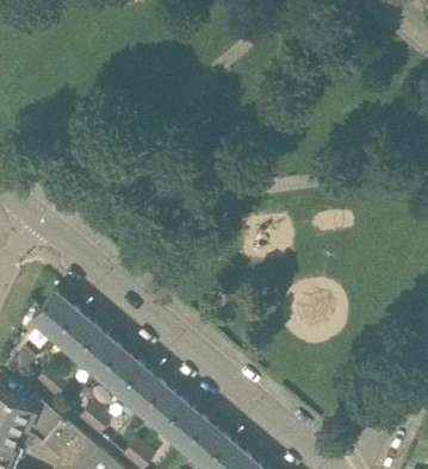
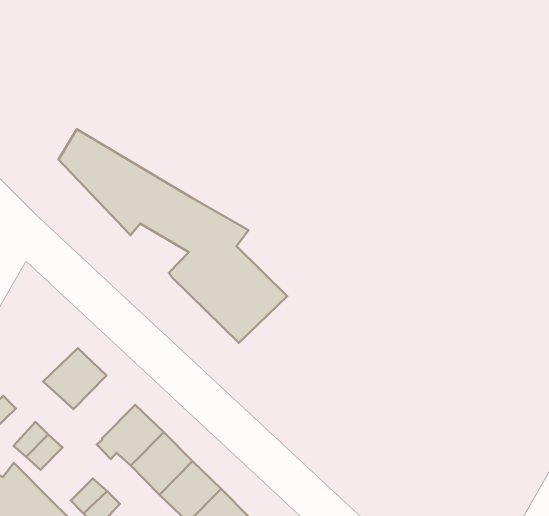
building: none -> [58,129,287,343]
building: [32,293,76,337] -> none
building: [76,330,119,374] -> none

